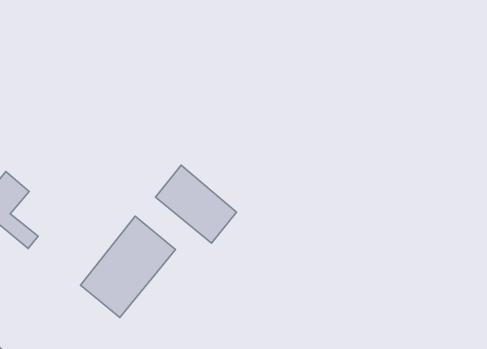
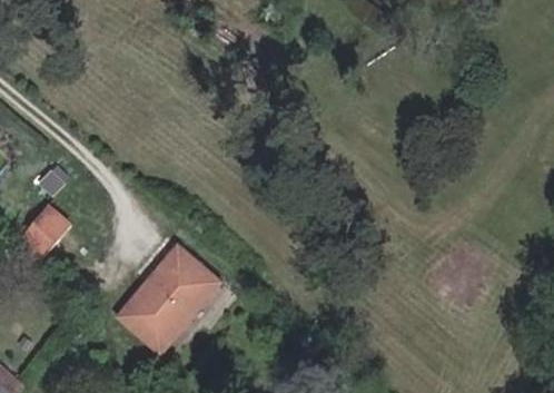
building: [155,165,237,243] -> none

